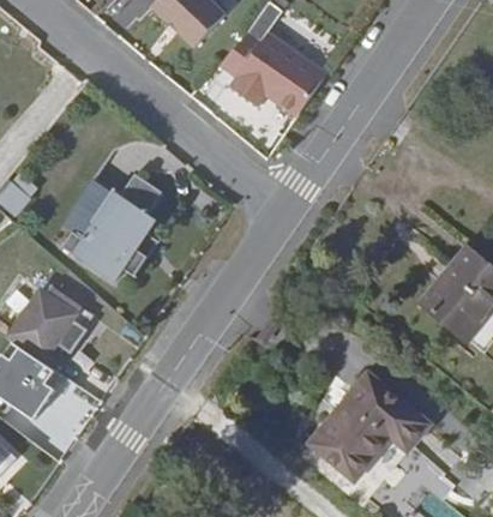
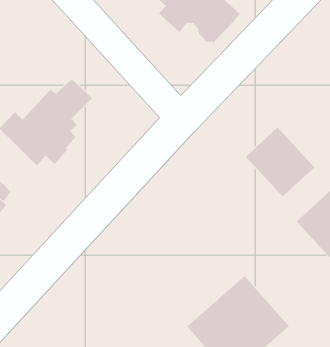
building: none -> [245,127,315,197]

